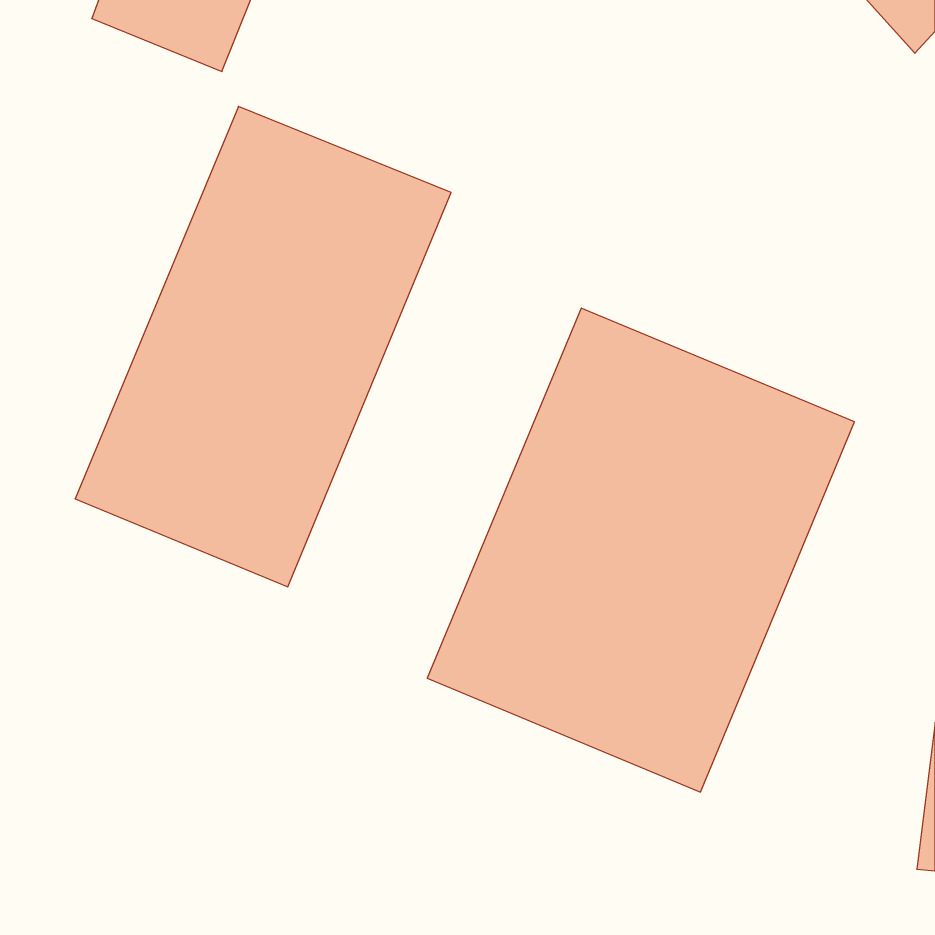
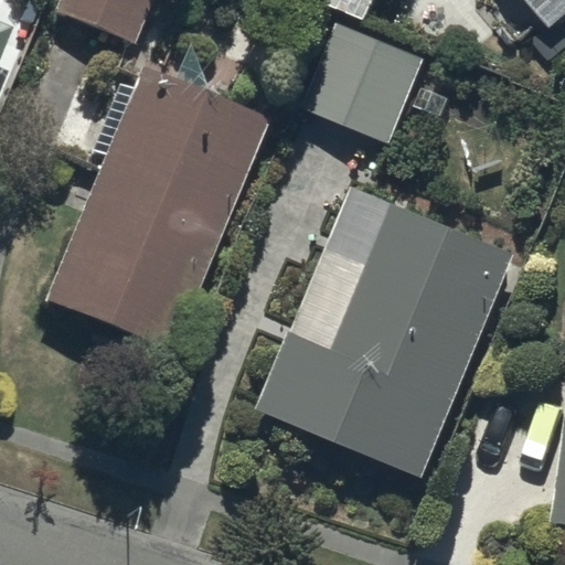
building: none -> [302,22,424,142]

